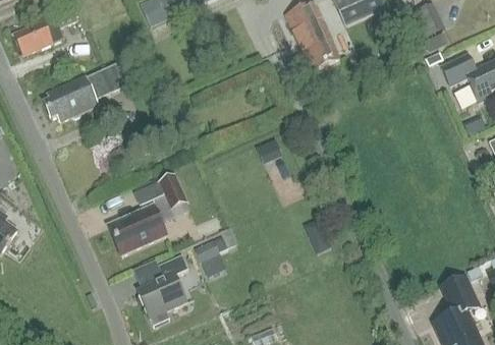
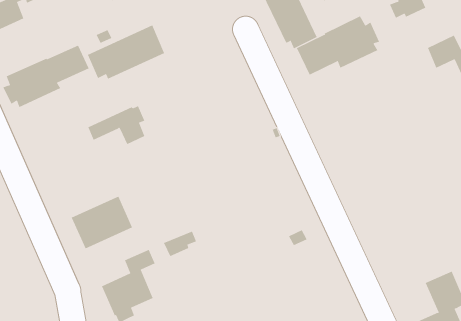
building: none -> [296,15,380,75]
building: none -> [87,24,165,79]
building: [134,172,188,209] -> [88,106,145,145]

